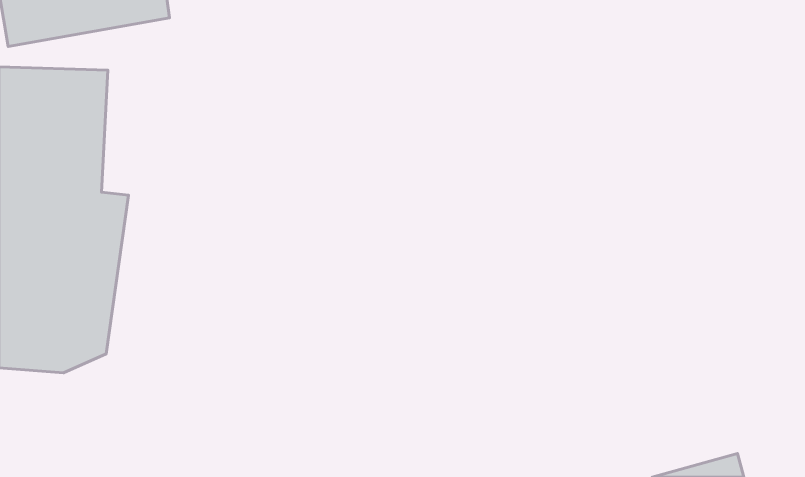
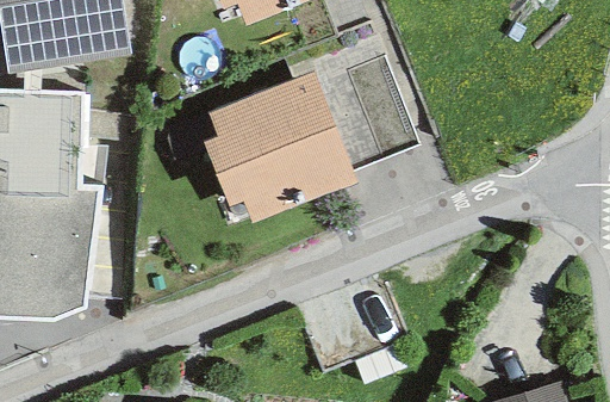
building: none -> [201,70,354,222]

